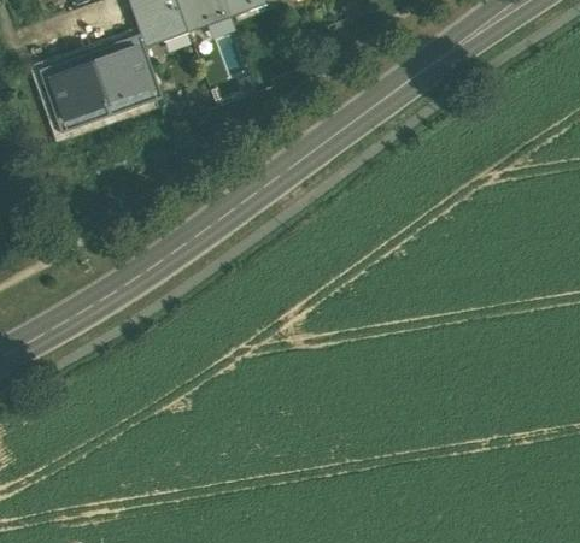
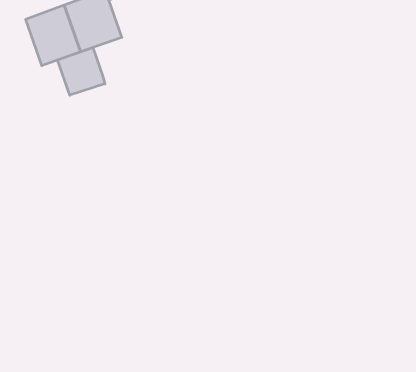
building: none -> [58,47,105,95]

